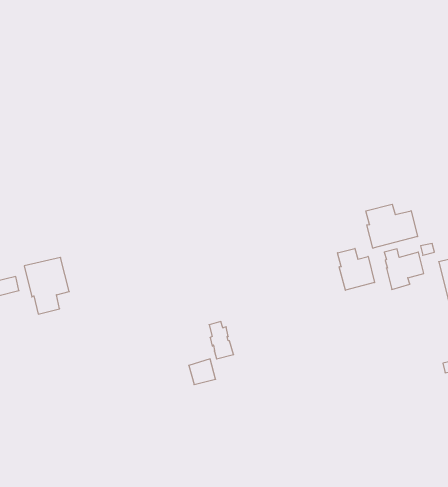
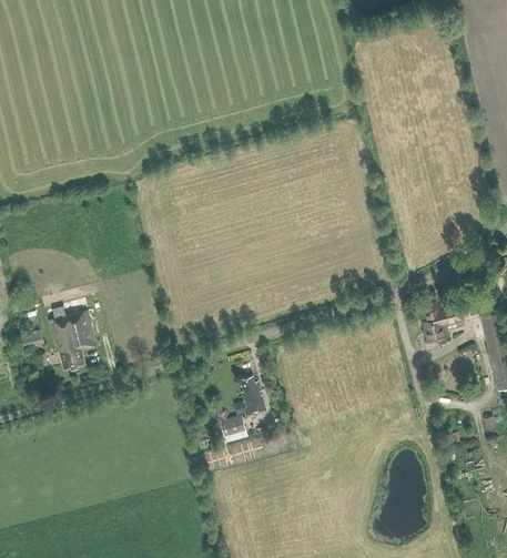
building: [366,204,418,248] -> none
building: [338,248,375,290] -> none

